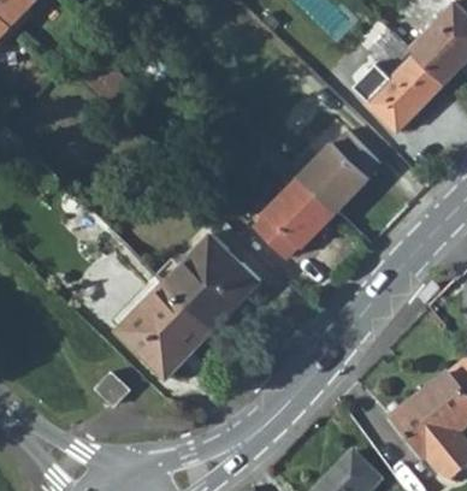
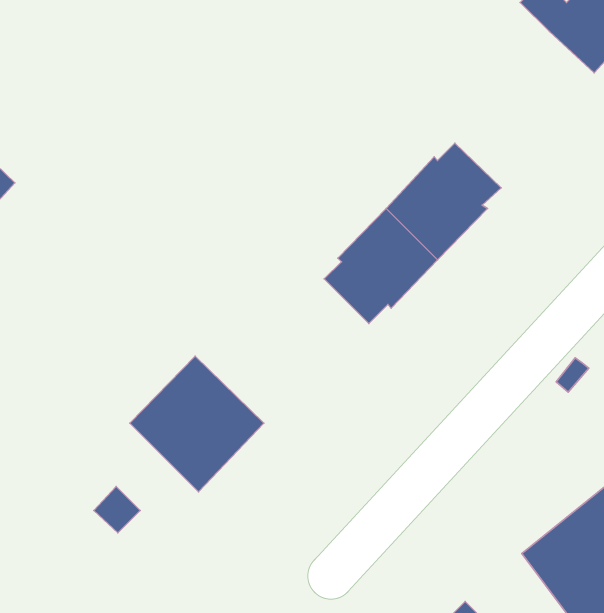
building: [365,53,443,130] -> none
building: [164,233,256,327] -> none

